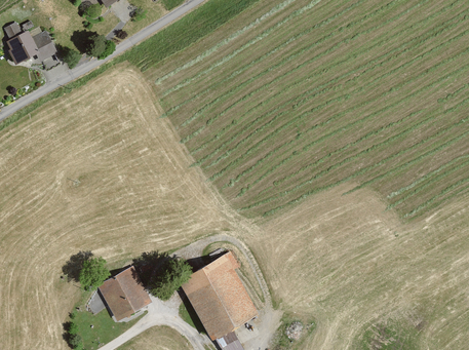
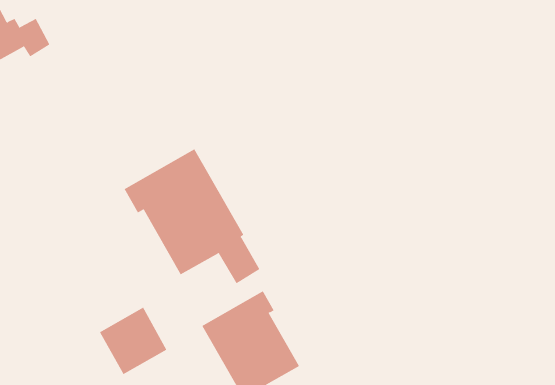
building: none -> [124,148,260,284]

